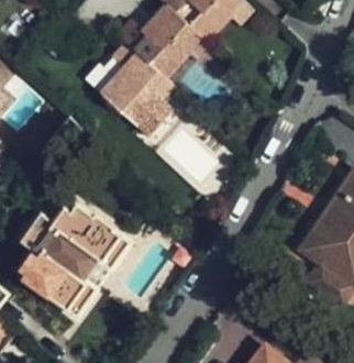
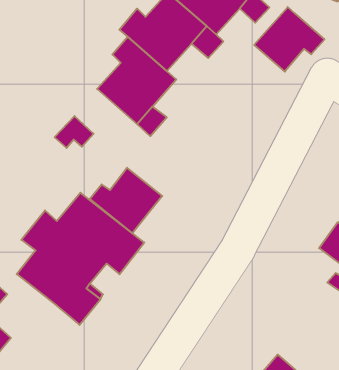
building: none -> [254,7,324,72]
building: none -> [90,168,162,233]

